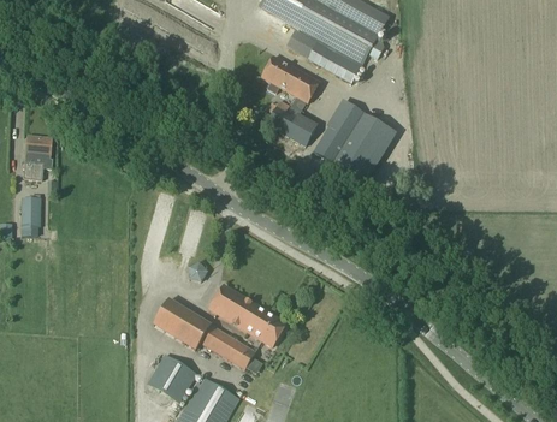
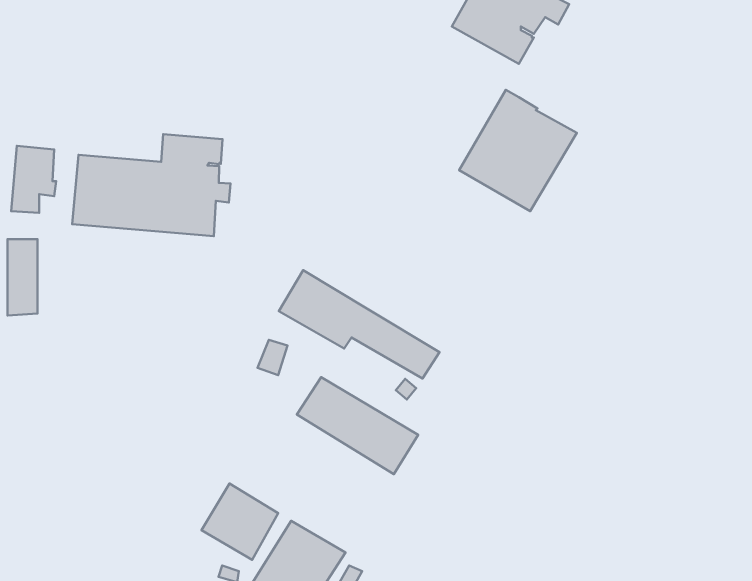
building: [260,55,320,102] -> none
building: [267,105,318,145] -> none
building: none -> [72,134,231,236]
building: [153,298,256,368] -> [279,270,439,378]

